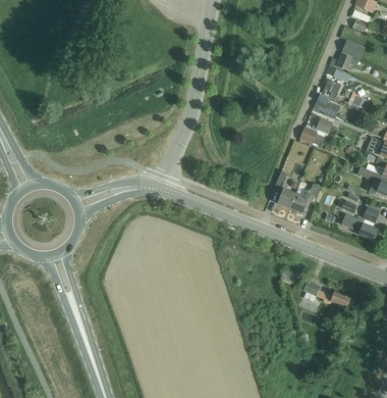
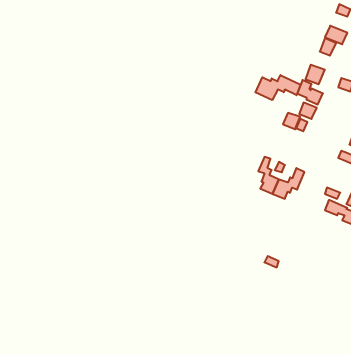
building: none -> [255,75,301,100]
building: [300,281,351,308] -> none

